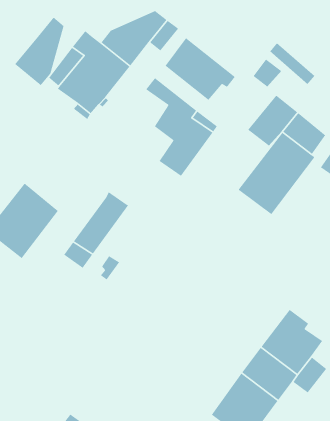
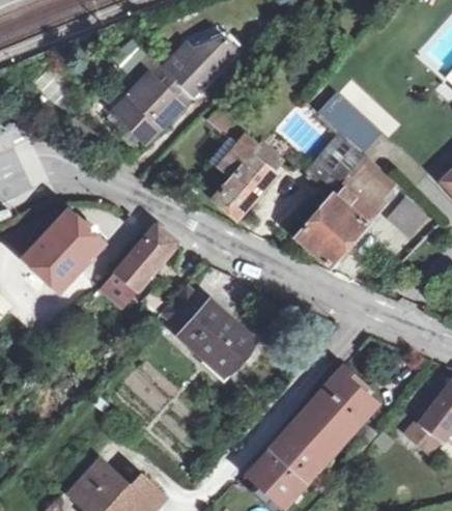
building: [14,17,64,86] -> none
building: [164,37,236,101] -> none
building: none -> [160,285,254,376]

